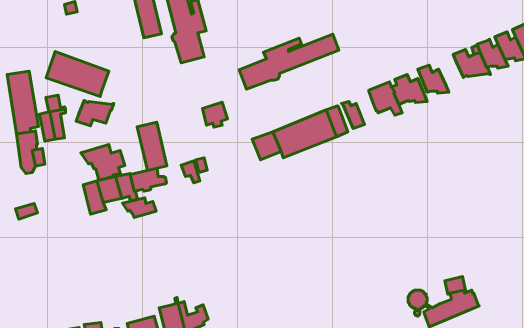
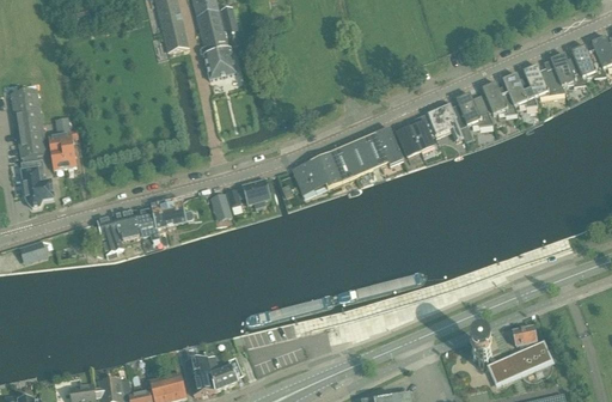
building: [239,34,339,89] -> none
building: [46,52,109,97] -> none
building: none -> [502,72,538,105]
building: none -> [409,112,434,150]
building: [76,100,114,126] -> none
building: [202,102,227,127] -> [243,177,271,206]
building: [137,122,167,170] -> none
building: [81,144,125,180] -> none
building: [122,198,156,217] -> none

